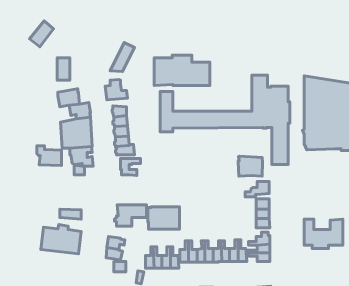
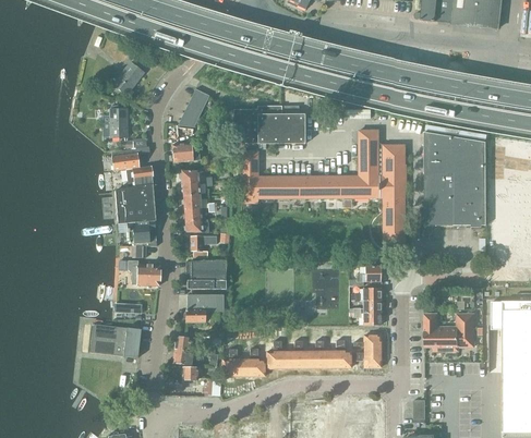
building: [30,21,54,47] -> [112,62,143,95]
building: [37,146,62,166] -> [128,260,159,285]
building: [238,156,263,176] -> none
building: [148,207,180,229] -> [185,260,226,289]

